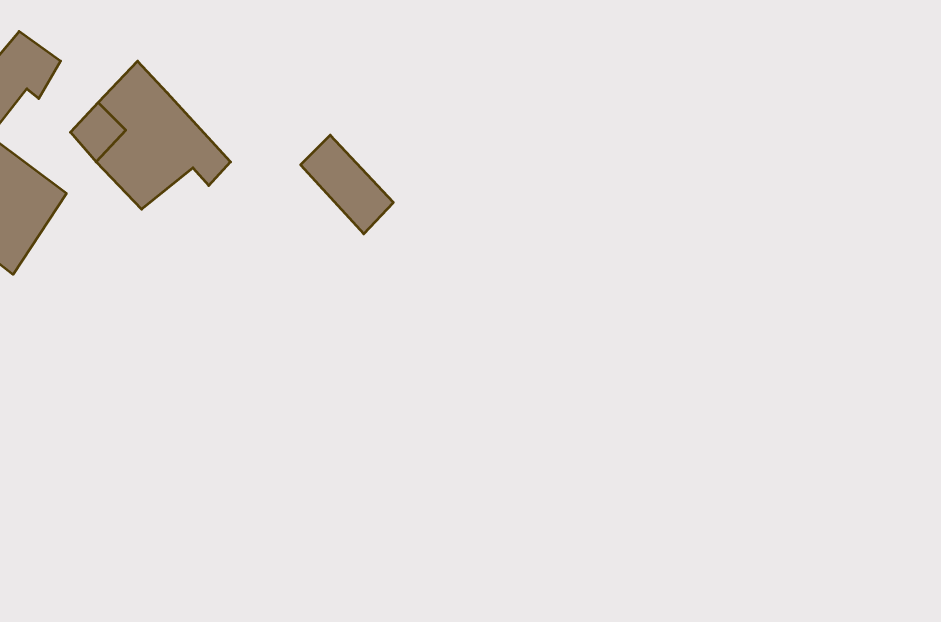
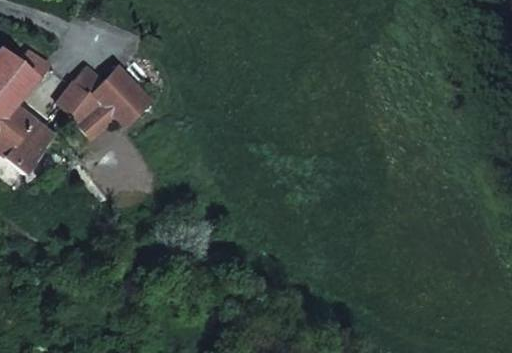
building: [301,135,393,234] -> [103,65,150,115]

